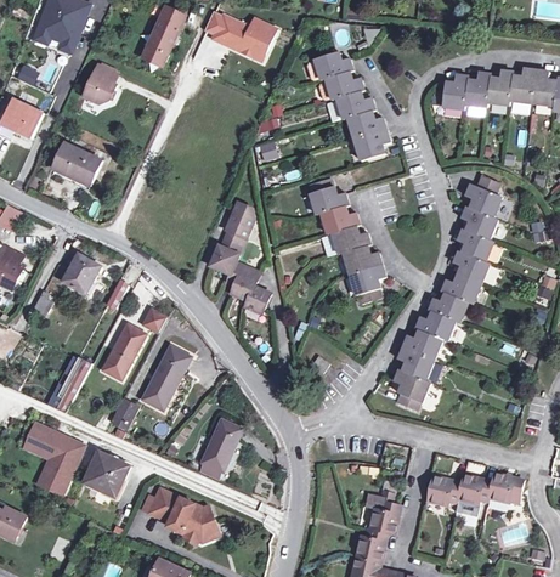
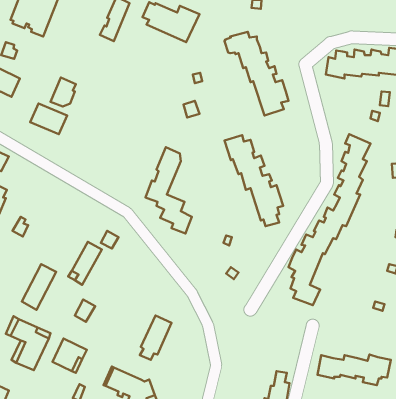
building: [86,63,119,101] -> [51,78,76,106]
building: [64,255,101,296] -> none
building: [146,346,193,408] -> none

